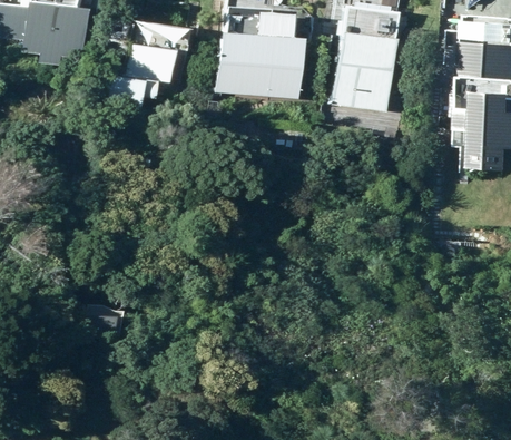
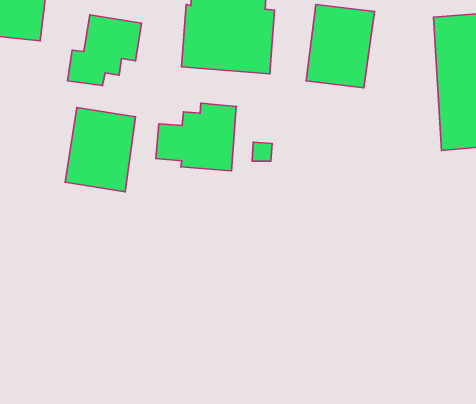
building: none -> [156,103,236,171]
building: none -> [65,108,136,192]

